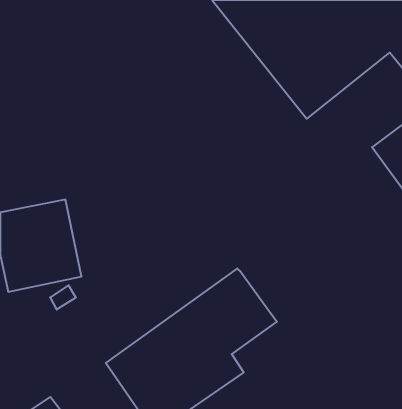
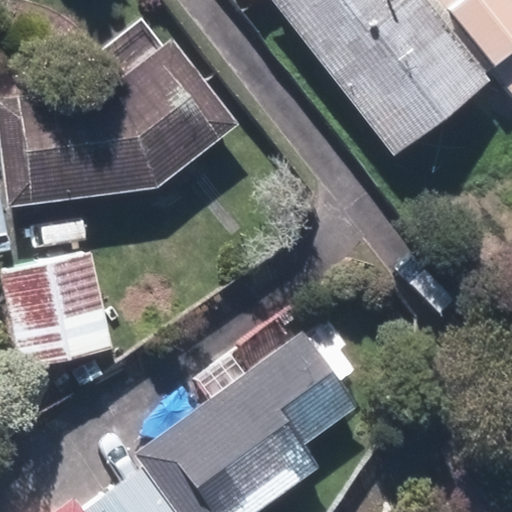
building: none -> [18,47,228,195]

